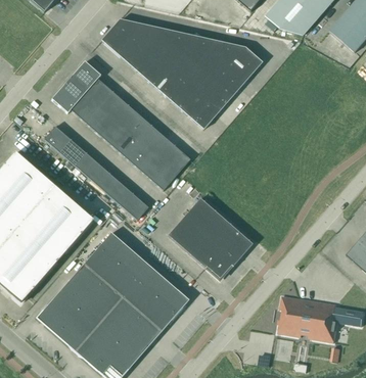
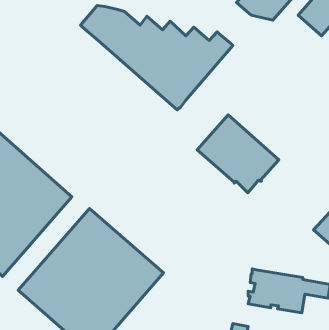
building: [51,61,189,190] -> none
building: [43,126,147,220] -> none
building: [166,197,251,279] -> [197,115,279,193]

